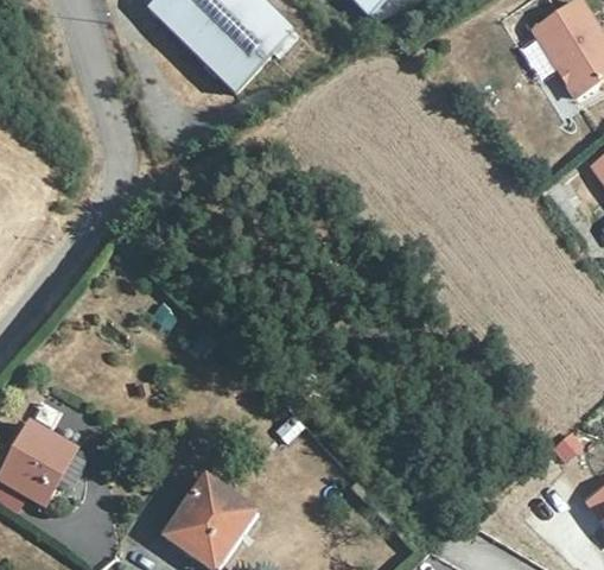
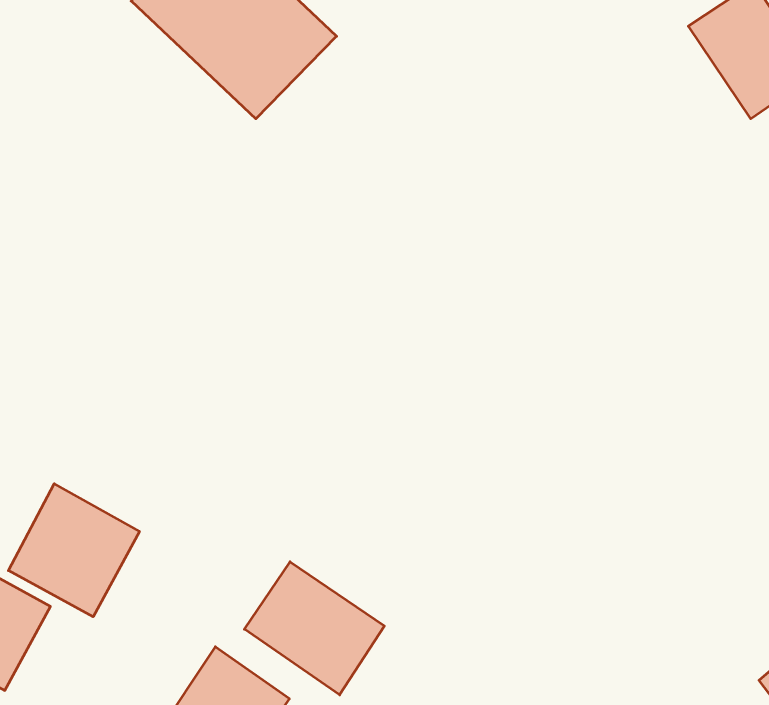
building: none -> [8,484,139,617]
building: none -> [244,562,384,695]

